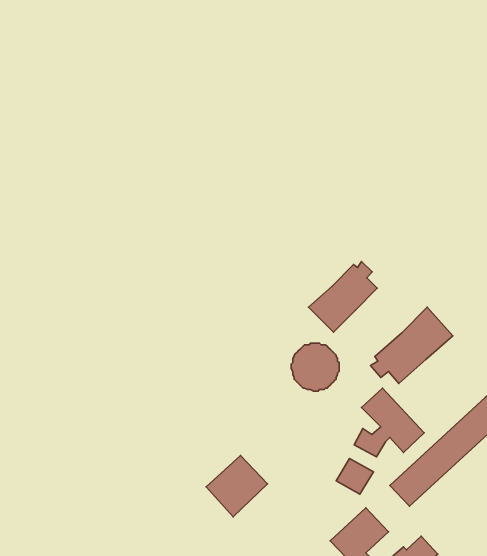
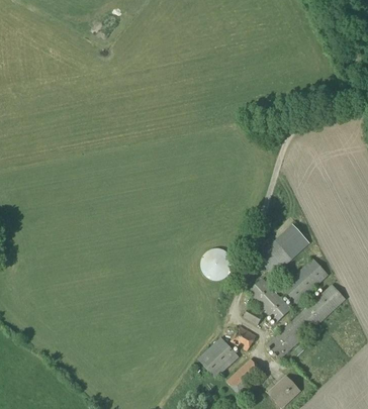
building: [309,261,377,332] -> none
building: none -> [282,258,328,302]
building: [206,455,267,517] -> [197,336,239,378]

